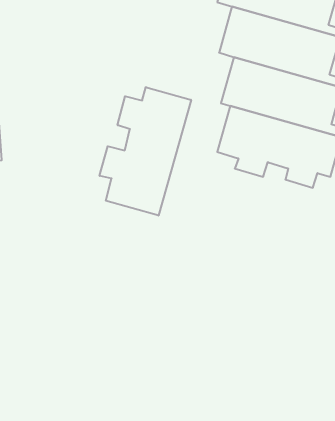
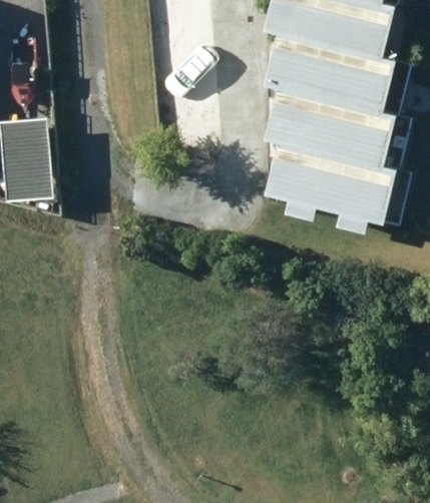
building: [100,87,191,216] -> none

